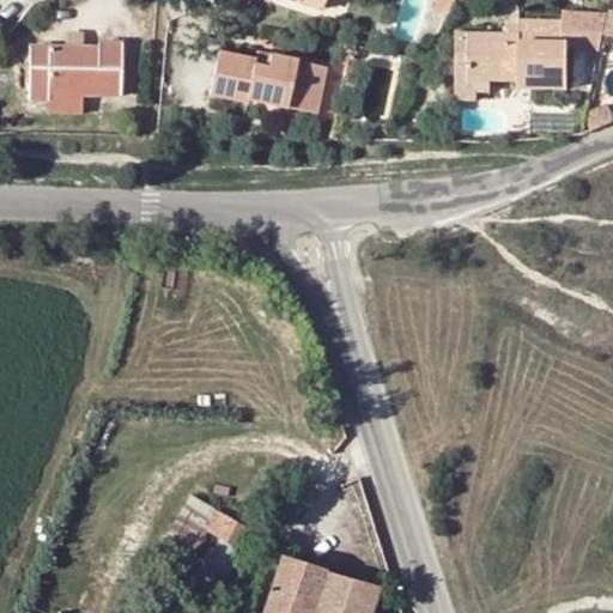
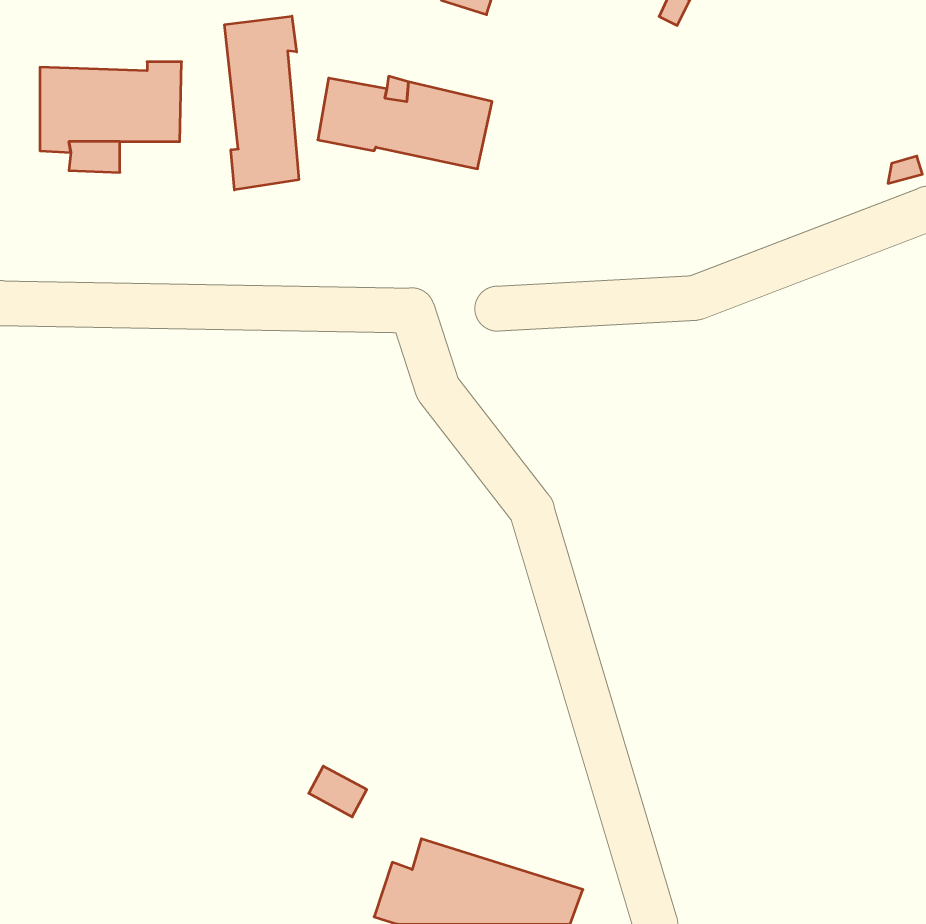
building: none -> [225,16,299,190]
building: [467,12,606,87] -> none

